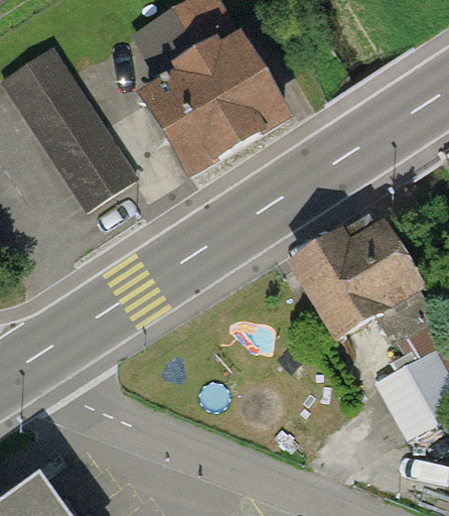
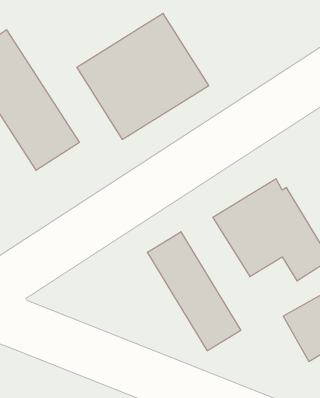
building: none -> [147,232,241,351]

